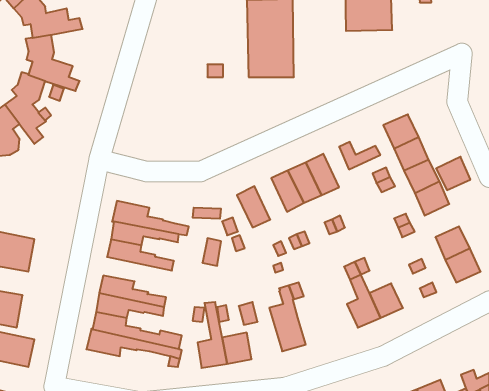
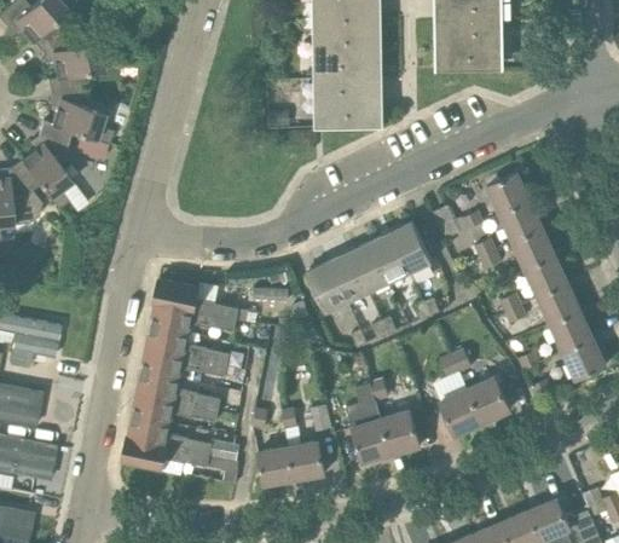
building: [436,157,470,190] -> [538,283,580,324]
building: none -> [329,252,369,302]
building: none -> [143,348,227,379]
building: none -> [382,415,422,456]

